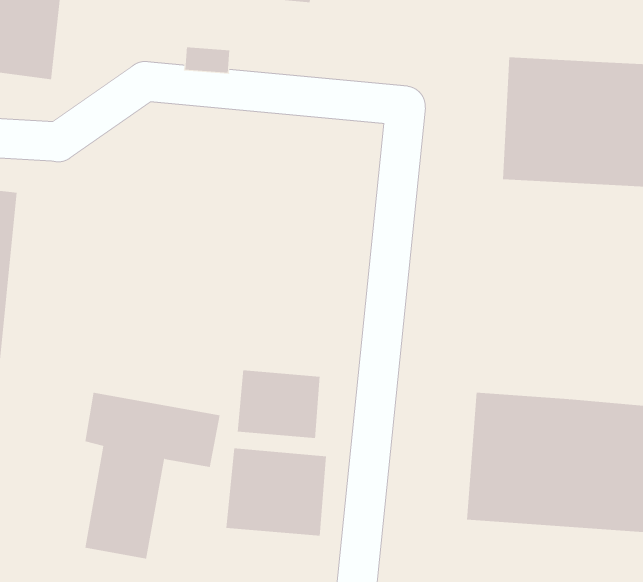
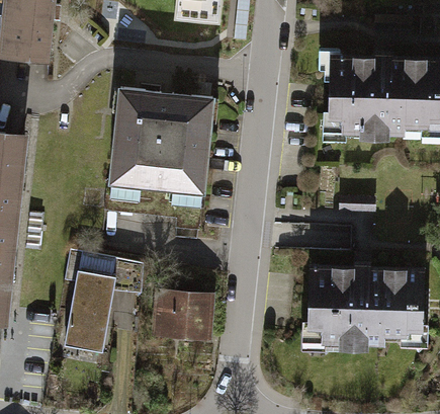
building: none -> [105,88,210,194]
building: [237,369,320,439] -> none

